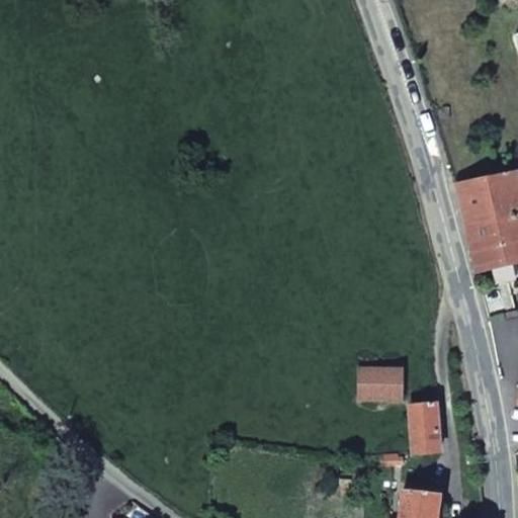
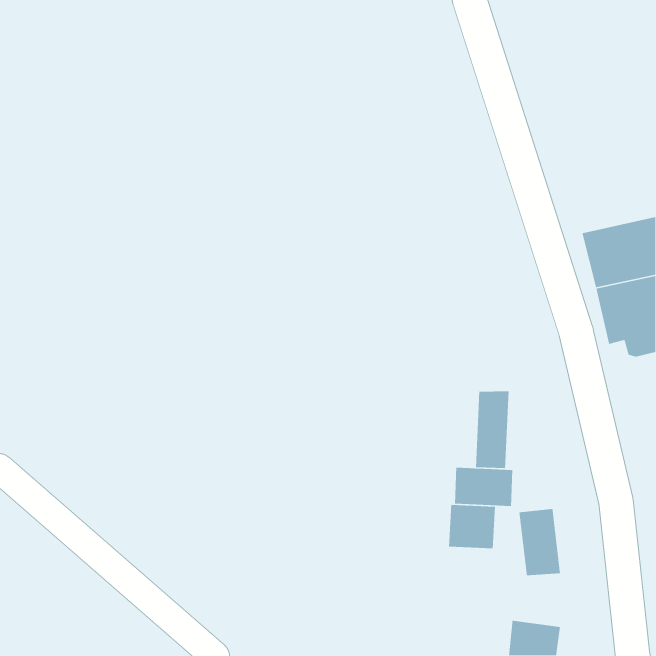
building: none -> [475,391,509,469]
building: none -> [448,504,496,549]

